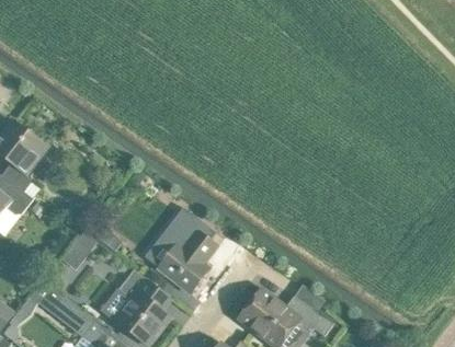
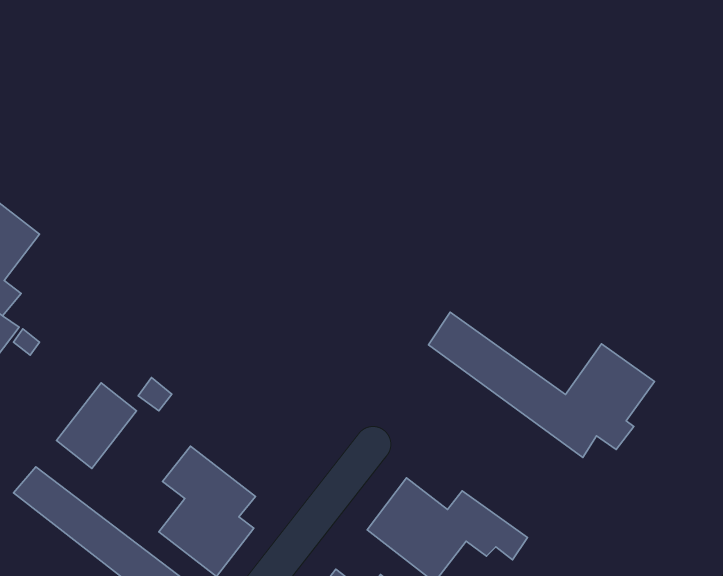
building: none -> [429,312,654,457]
building: [158,208,217,294] -> none

